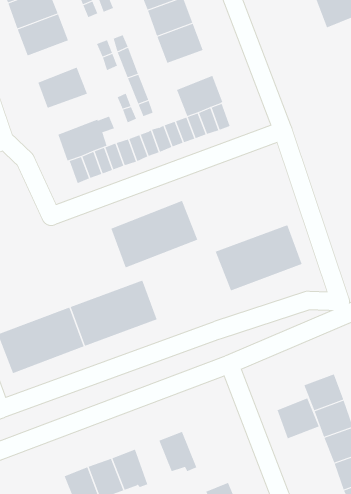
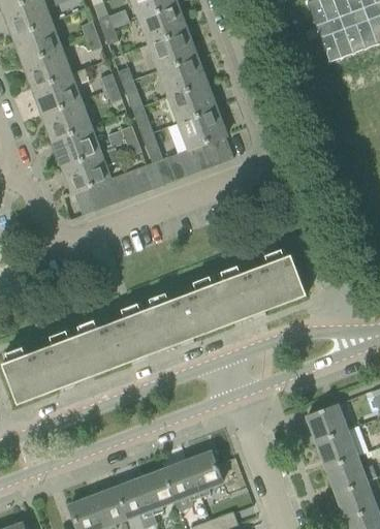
building: none -> [32,69,89,115]
building: none -> [170,83,216,122]
building: none -> [52,126,102,166]
building: [110,200,198,268] -> [147,282,233,349]
building: [277,397,320,439] -> none
building: none -> [186,450,222,496]
building: none -> [139,469,175,512]

